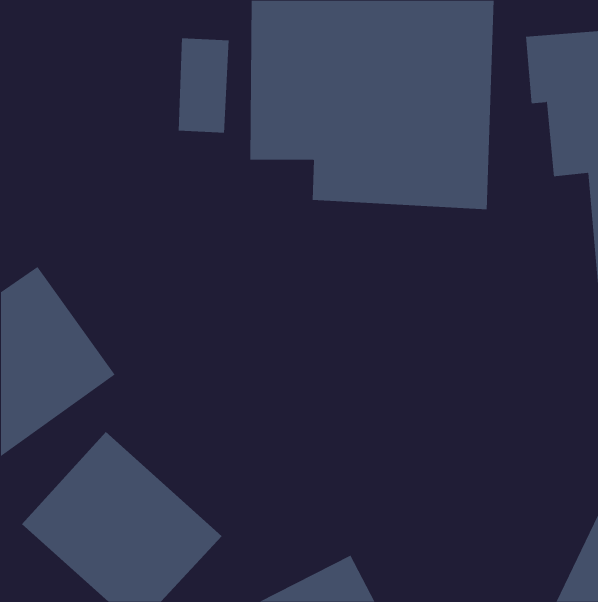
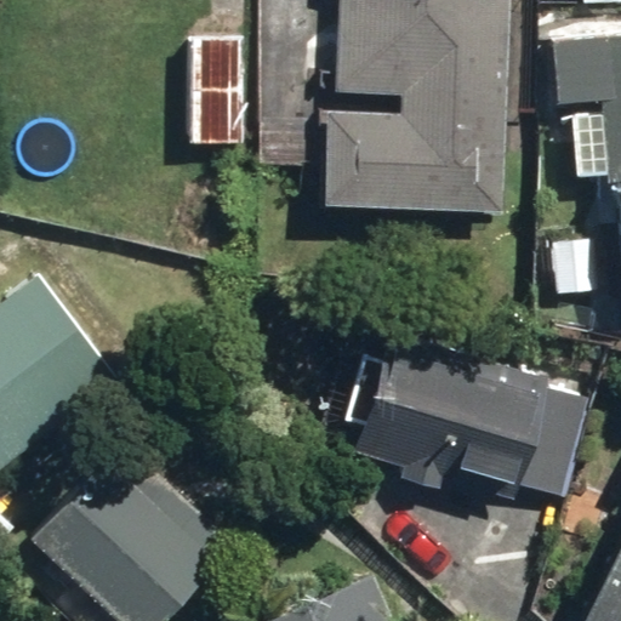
building: none -> [347,336,591,497]

